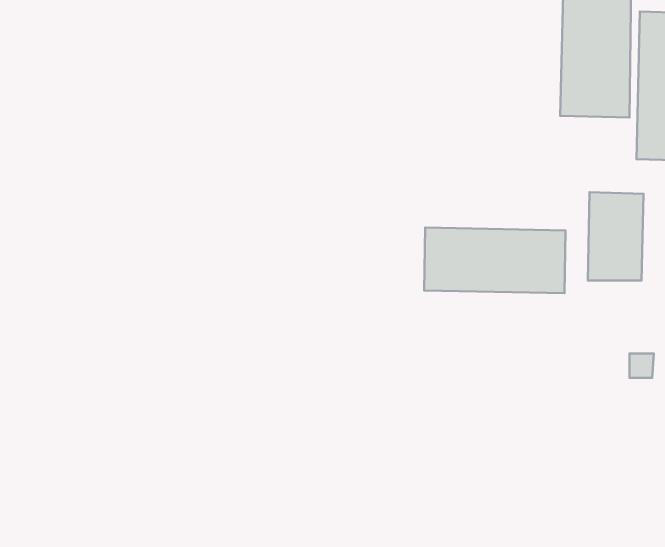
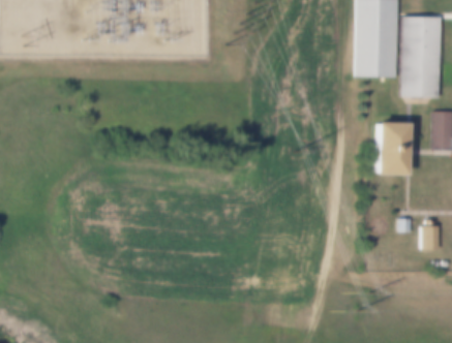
building: [424,228,565,293] -> none

